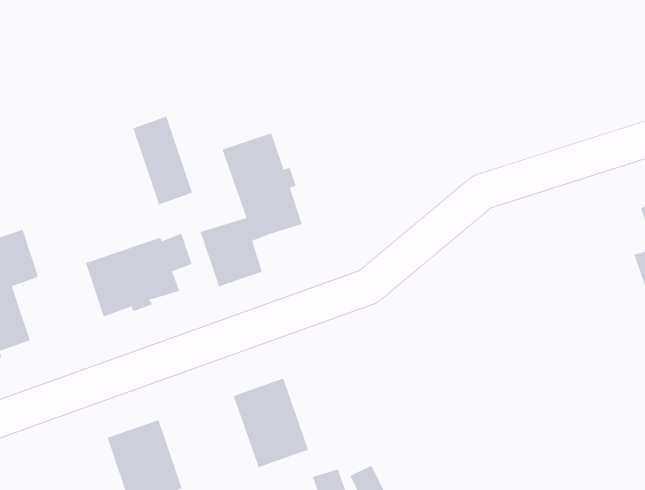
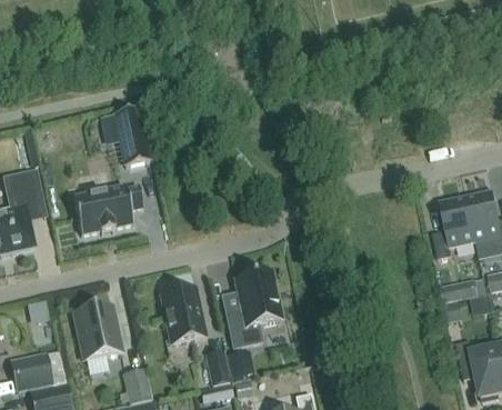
building: [200,133,303,287] -> none
building: none -> [225,271,281,347]

